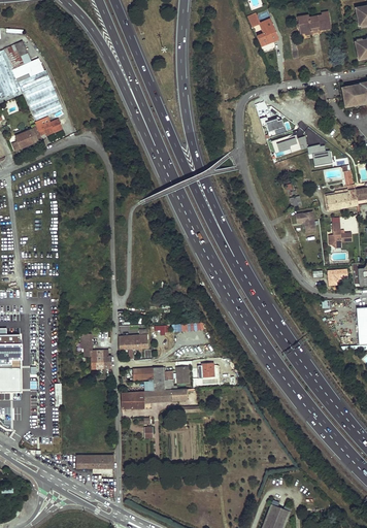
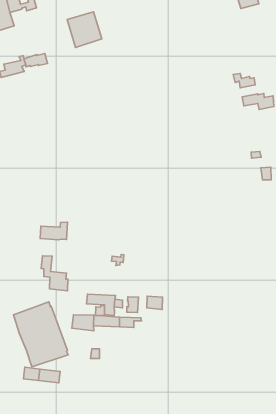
building: [24,80,63,121] -> [67,12,102,47]
building: [119,329,147,350] -> [40,222,67,240]
building: none -> [14,302,68,367]

